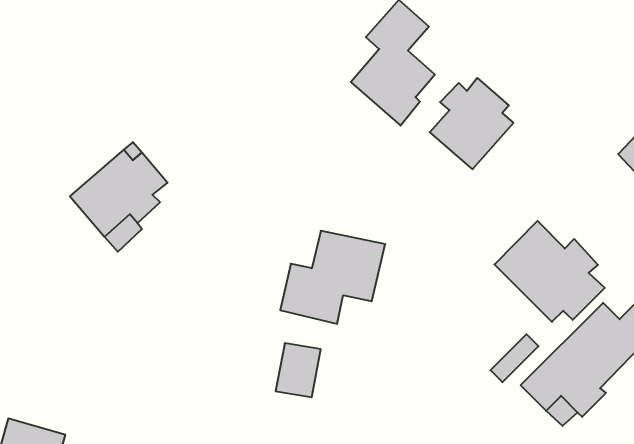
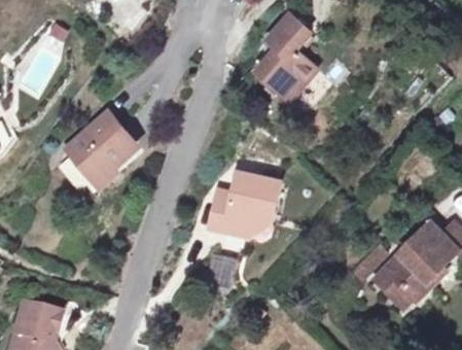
building: [430,78,513,169] -> none
building: [494,221,605,322] -> none

